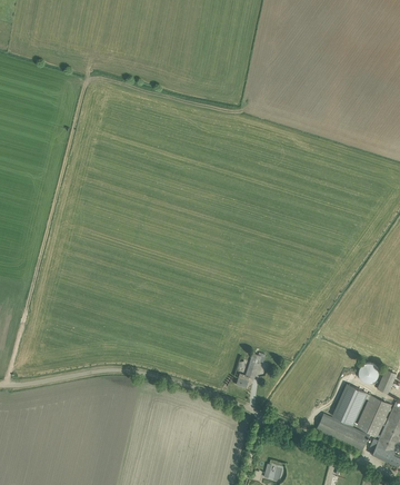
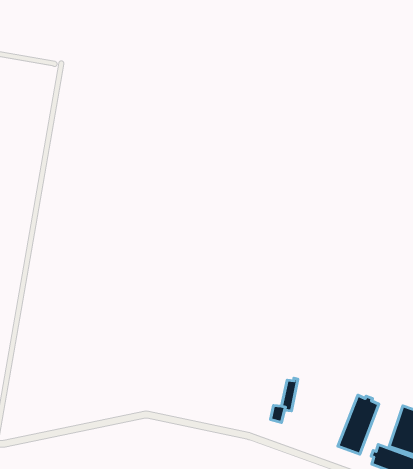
building: none -> [338,395,379,454]

